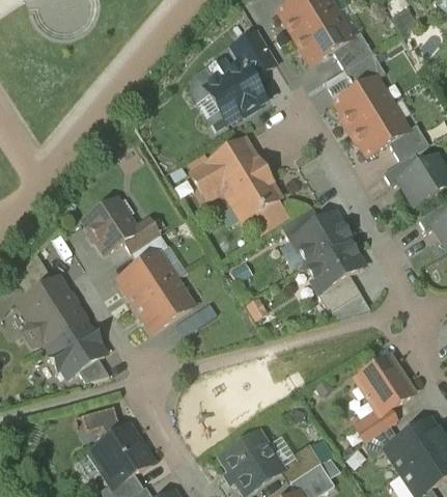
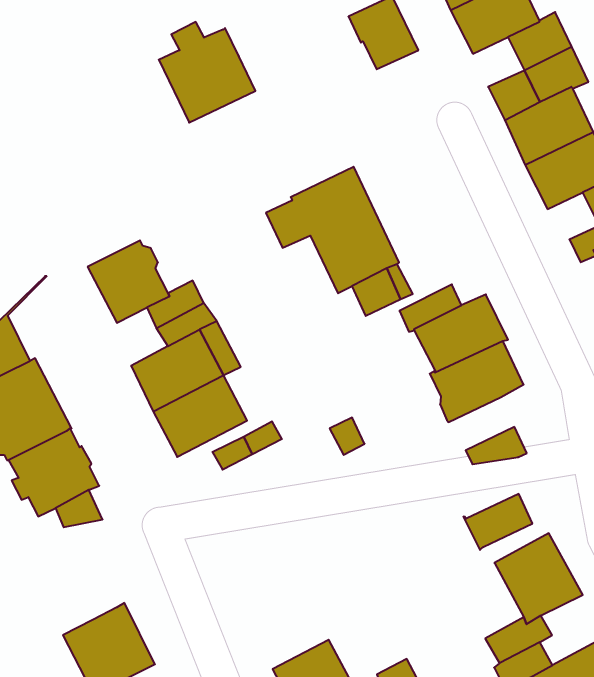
building: [203,58,266,121] -> [159,22,255,123]
building: [317,274,361,311] -> [463,494,532,550]
building: [82,406,124,438] -> none

